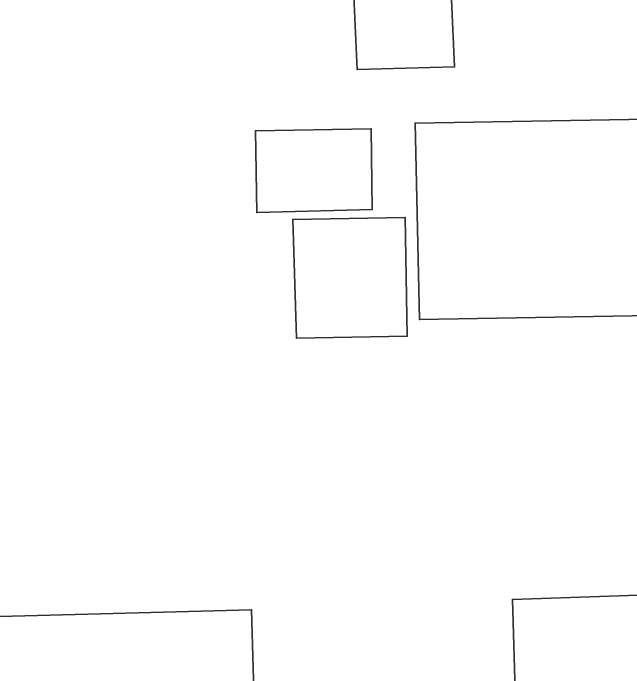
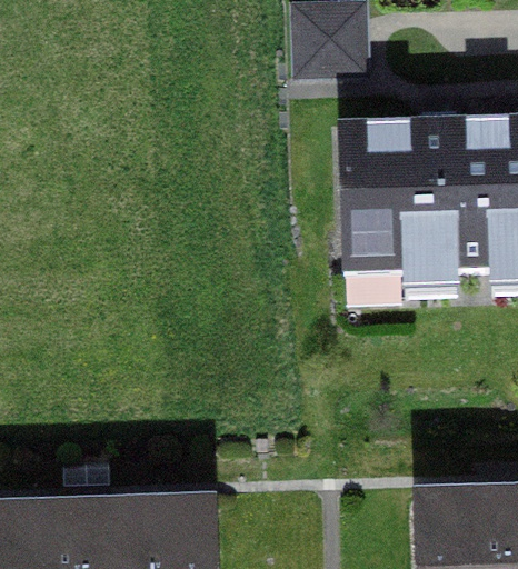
building: [255,129,372,213] -> none
building: [293,217,407,338] -> none

